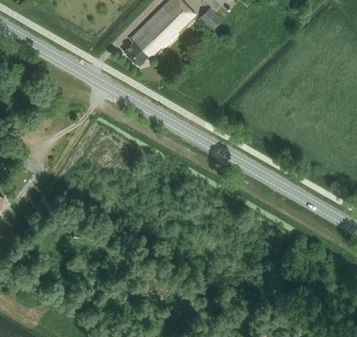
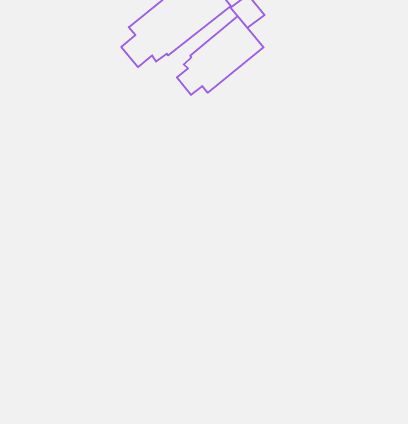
building: none -> [177,16,264,95]

